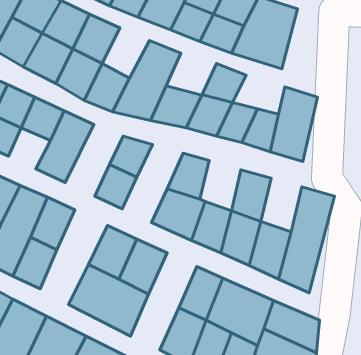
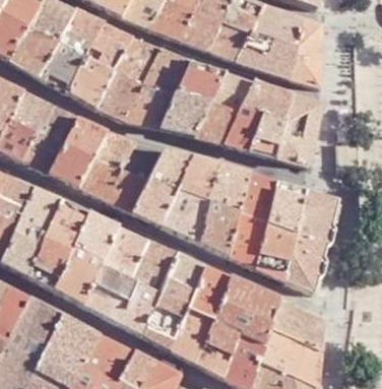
building: none -> [285,16,319,85]
building: none -> [112,35,157,83]
building: none -> [174,59,222,100]
building: none -> [238,80,289,118]
building: none -> [76,128,132,197]
building: none -> [21,131,62,171]
building: none -> [131,147,190,222]
building: none -> [206,163,246,211]
building: none -> [265,180,305,232]
building: none -> [52,210,117,302]
building: none -> [139,252,203,345]

